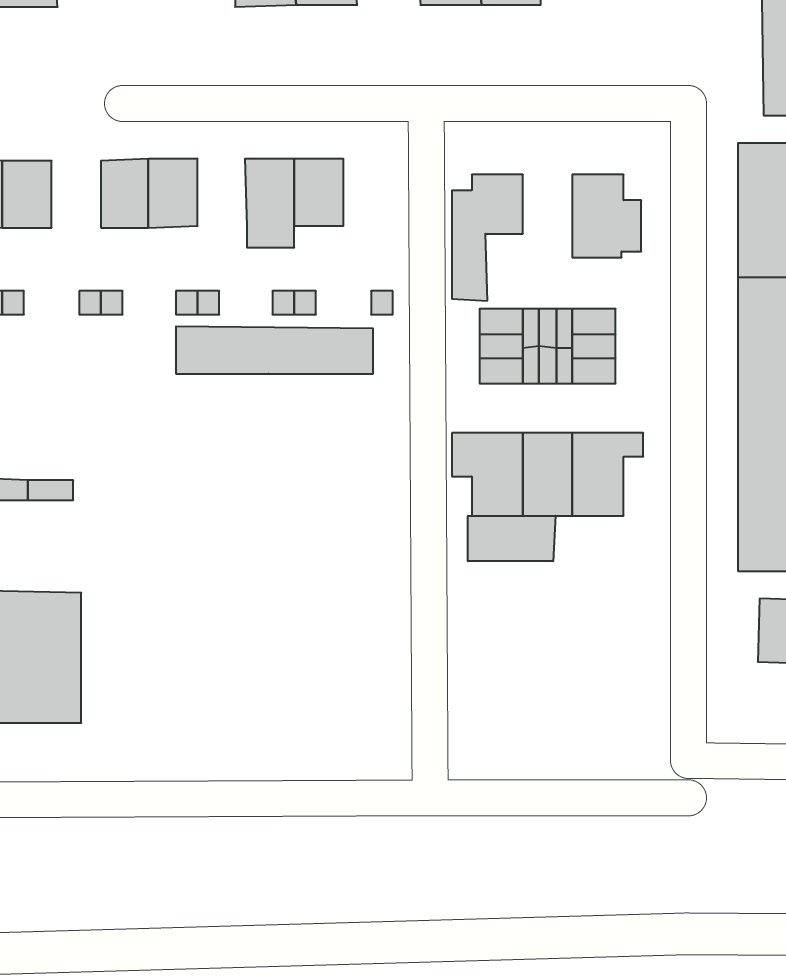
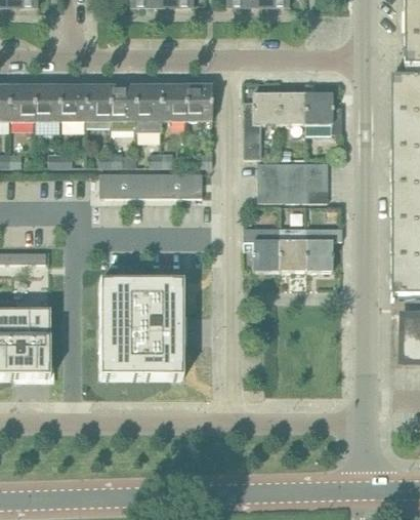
building: none -> [112,85,137,120]
building: none -> [187,85,213,120]
building: none -> [36,86,61,121]
building: none -> [281,93,306,124]
building: [468,516,556,561] -> none
building: none -> [100,281,184,378]

